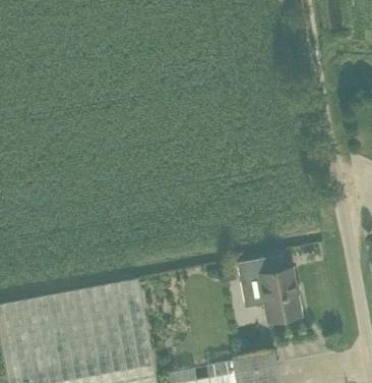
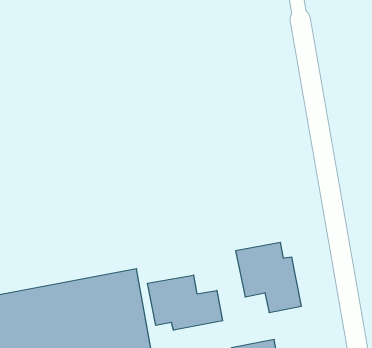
building: none -> [148,275,223,330]

